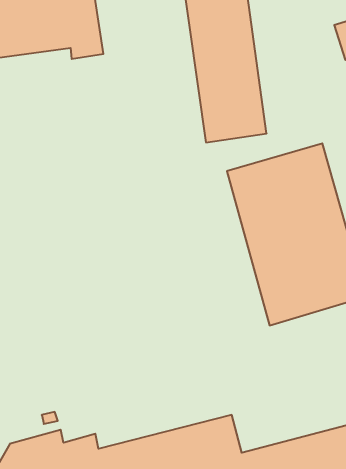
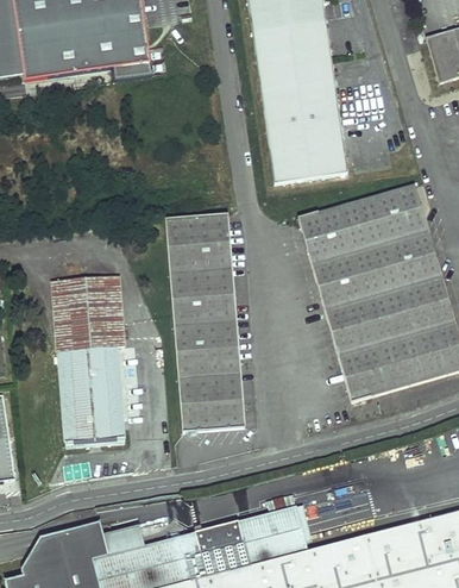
building: none -> [166,217,243,433]
building: none -> [50,275,134,446]

